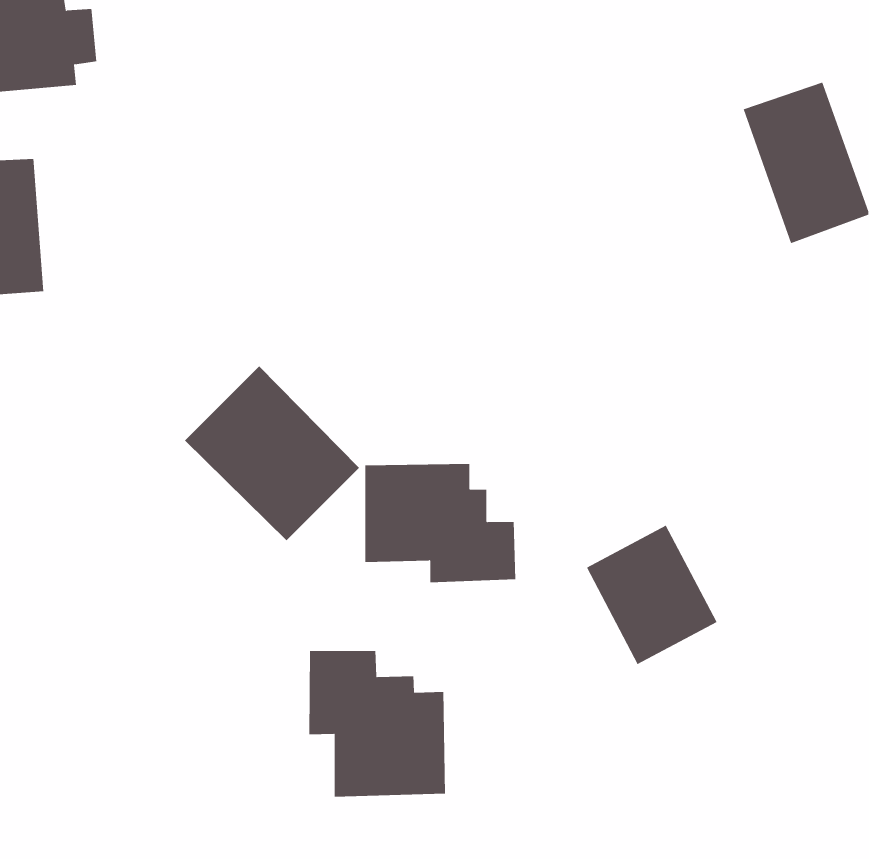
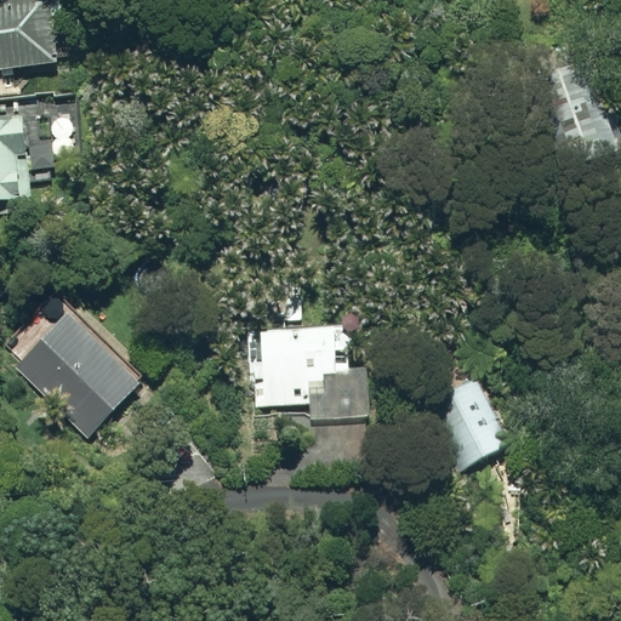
building: [184,366,360,541] -> [15,309,139,434]
building: [309,650,445,798] -> none

